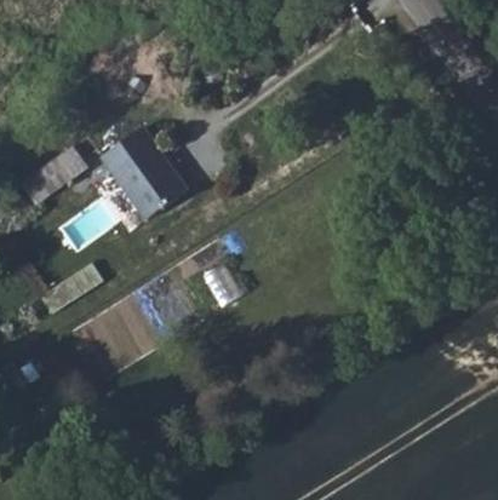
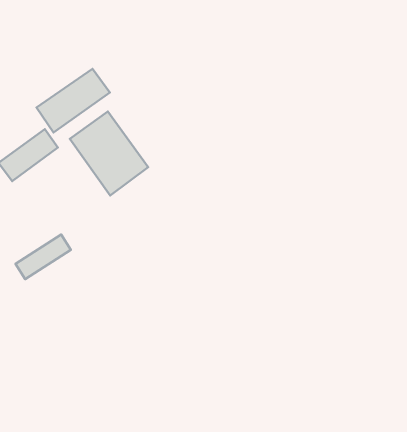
building: none -> [37,69,110,133]

